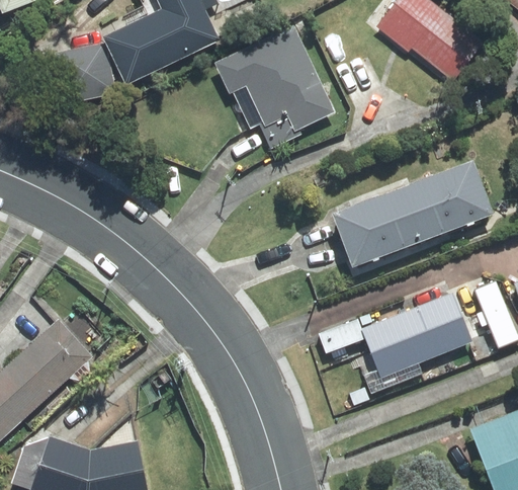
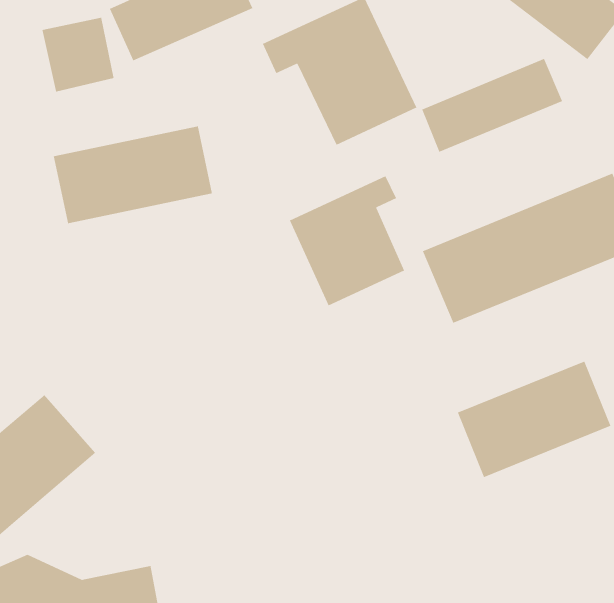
building: none -> [421,58,563,153]
building: none -> [53,125,213,224]
building: none -> [289,175,405,307]

